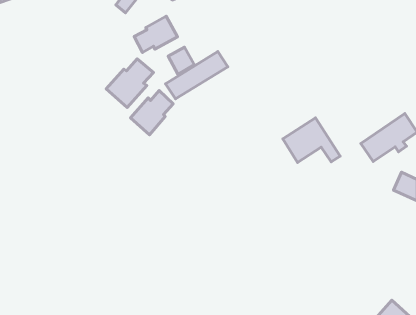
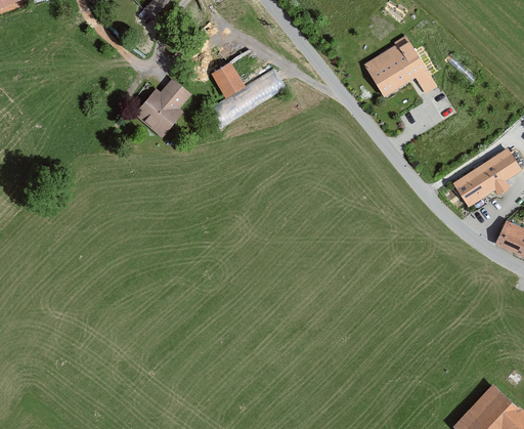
building: [134,16,177,52] -> none
building: [130,91,173,135] -> none
building: [283,118,340,163] -> [365,38,437,94]

